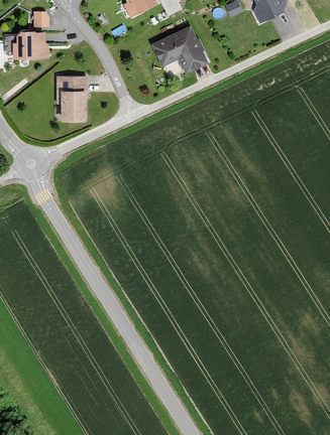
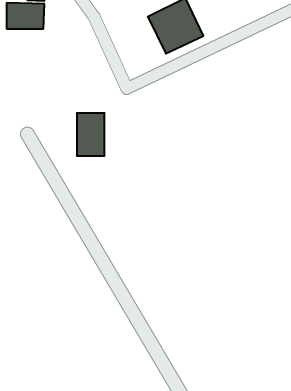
building: [58,76,86,119] -> [77,113,105,156]

